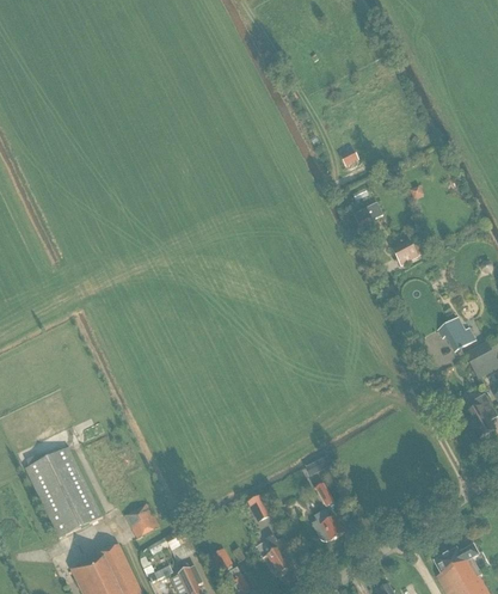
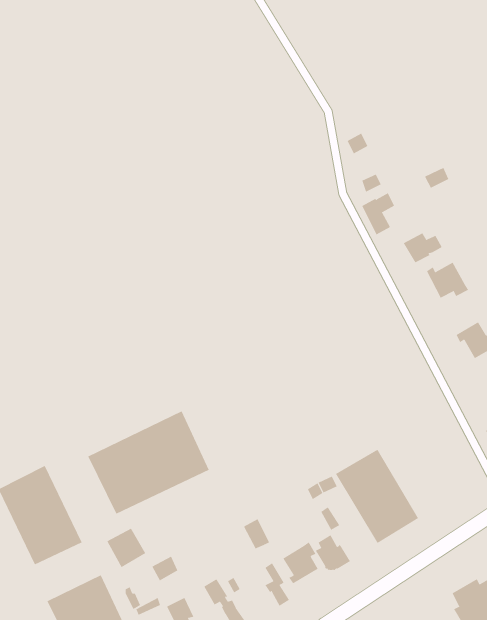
building: none -> [426,262,469,298]
building: none -> [88,411,210,514]
building: none -> [335,449,419,544]
building: none -> [283,542,319,584]

